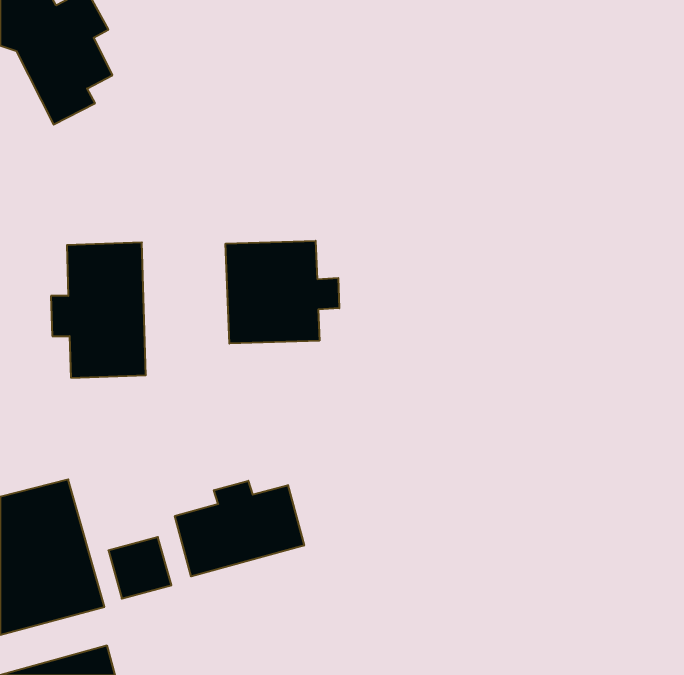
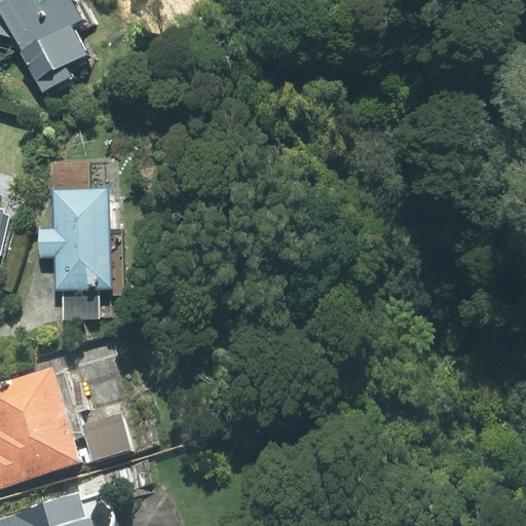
building: [226,241,339,344] -> none
building: [175,481,304,576] -> none

